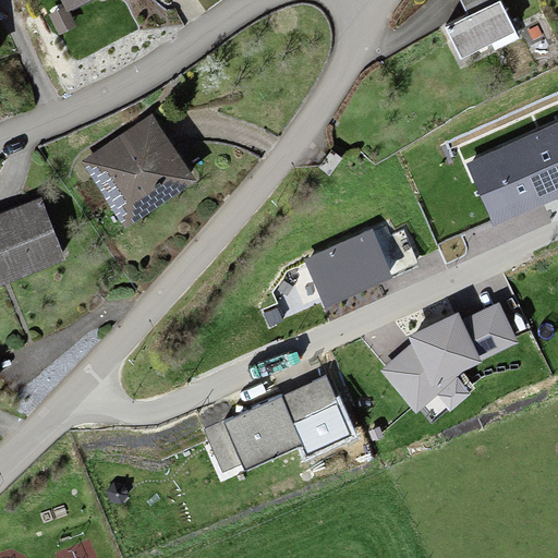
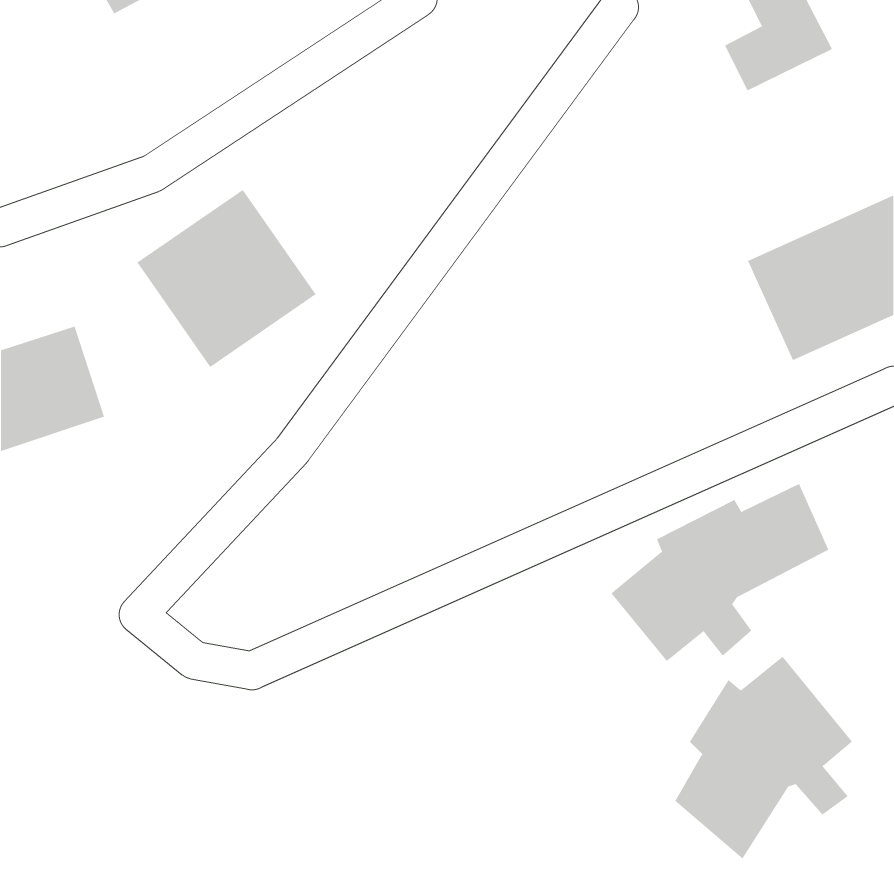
building: [303,229,392,306] -> none
building: [204,374,351,472] -> none
building: none -> [674,656,853,860]

